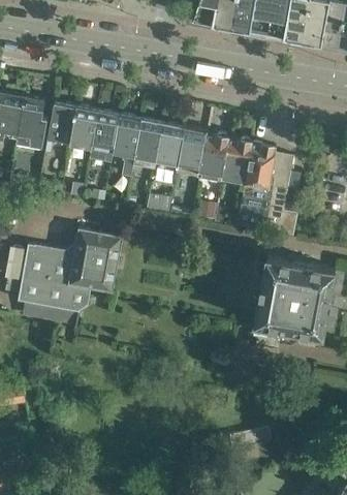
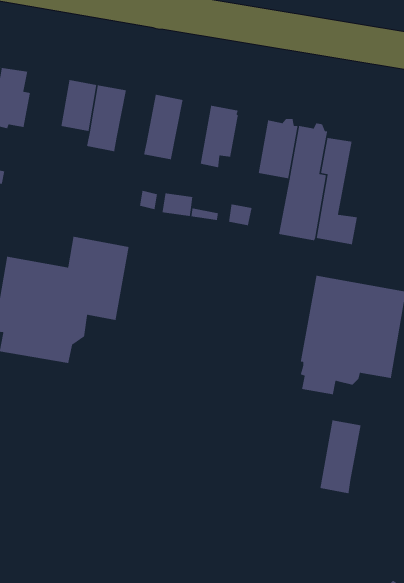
building: [46,103,75,144] -> none
building: [113,116,141,176] -> none
building: [154,123,184,174] -> none
building: [197,132,227,180] -> none
building: none -> [320,419,361,494]

